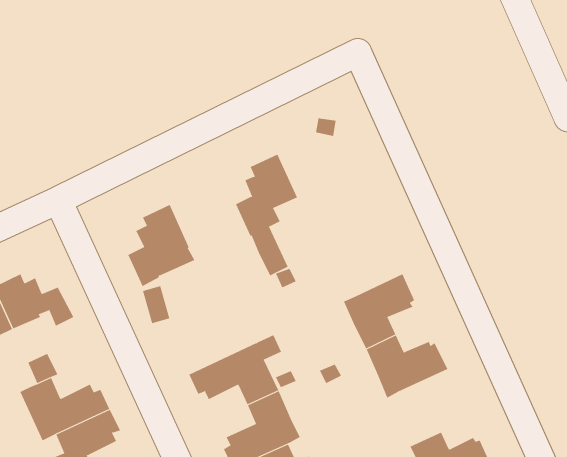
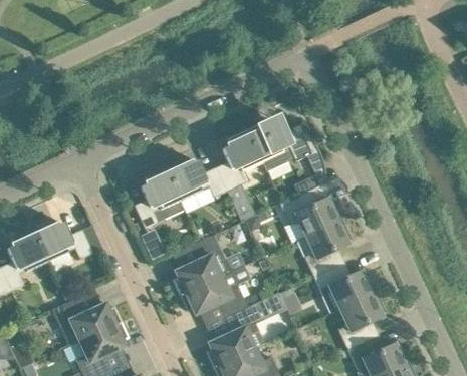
building: none -> [247,120,325,185]
building: none -> [166,157,226,201]
building: none -> [279,194,341,237]
building: none -> [172,235,231,296]
building: none -> [337,292,385,350]

